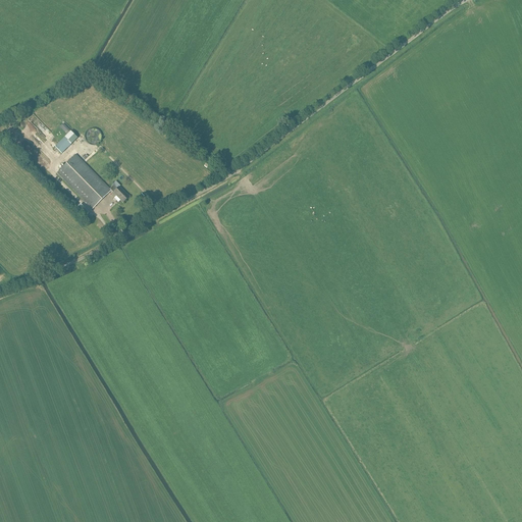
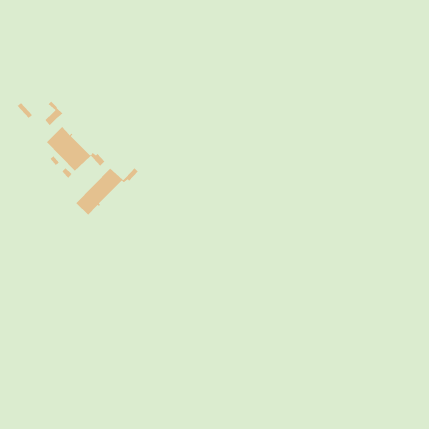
building: none -> [76,167,138,216]

